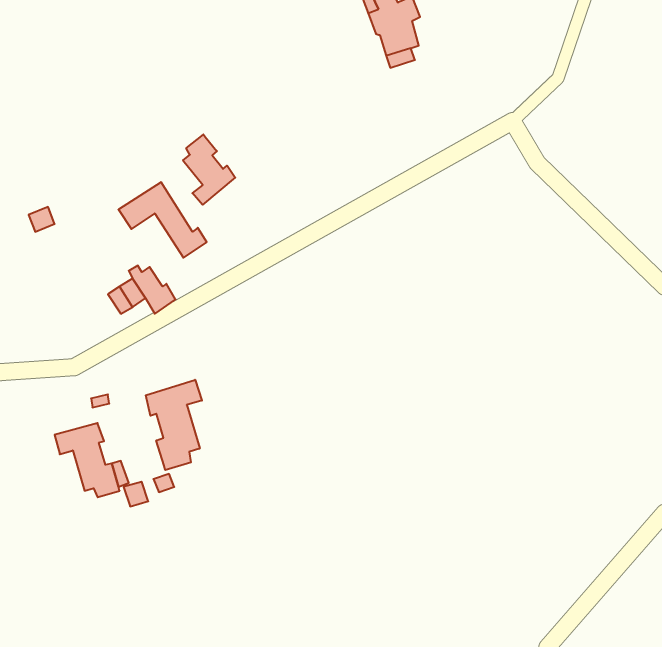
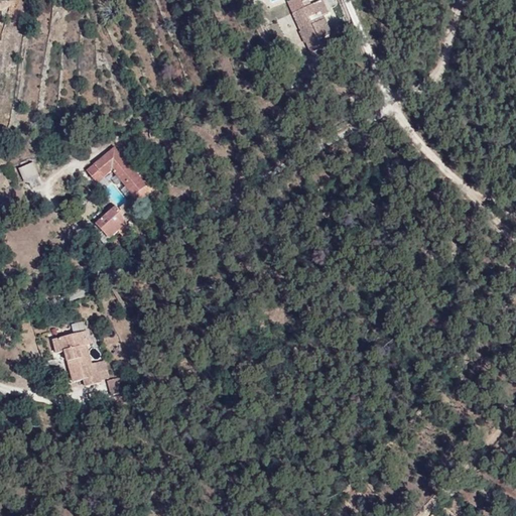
building: [183,134,235,205] -> none
building: [146,380,202,470] -> none

